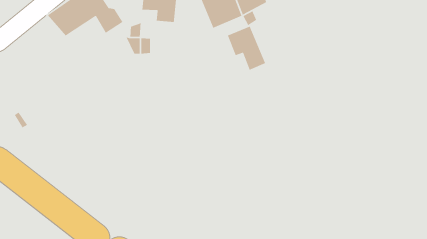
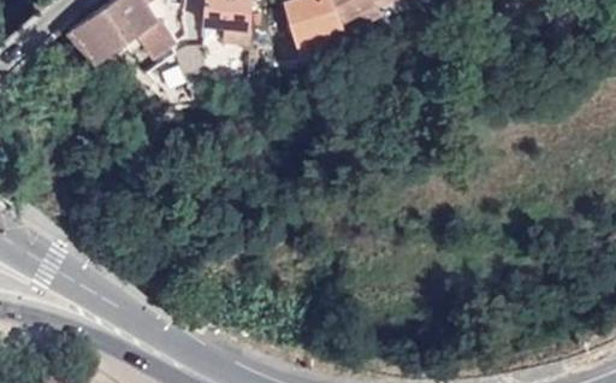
building: [227,25,266,71] -> none

